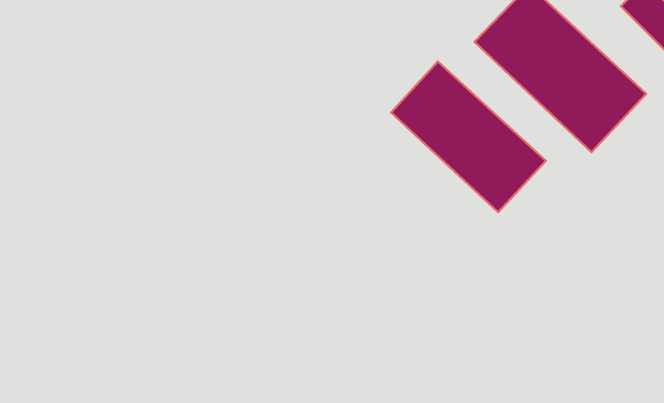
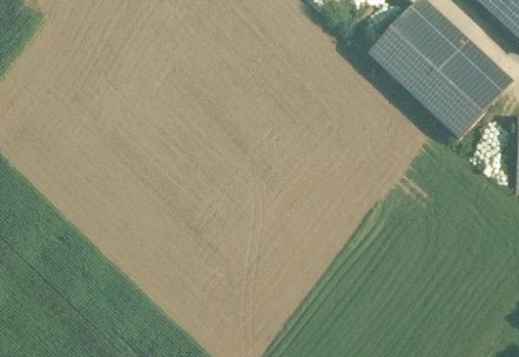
building: [391,61,546,212] -> none

